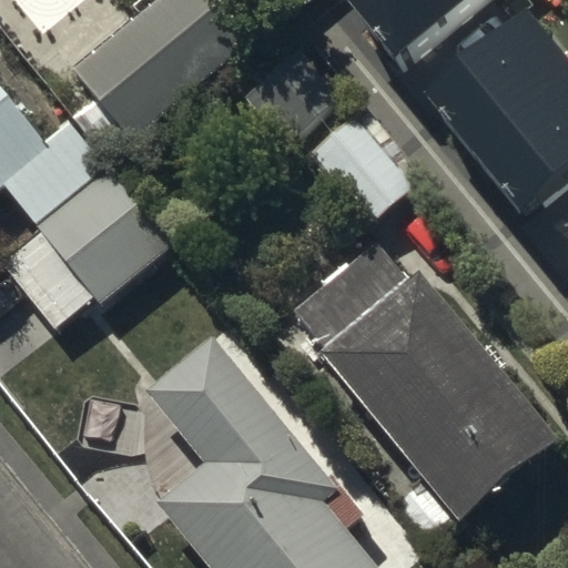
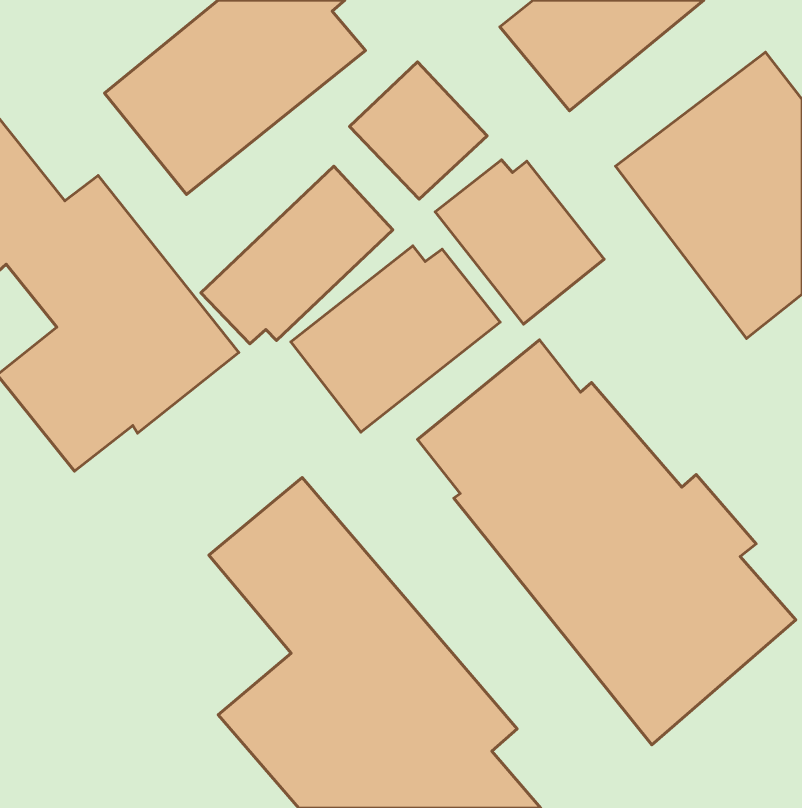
building: none -> [201,166,393,344]
building: none -> [291,246,500,432]

